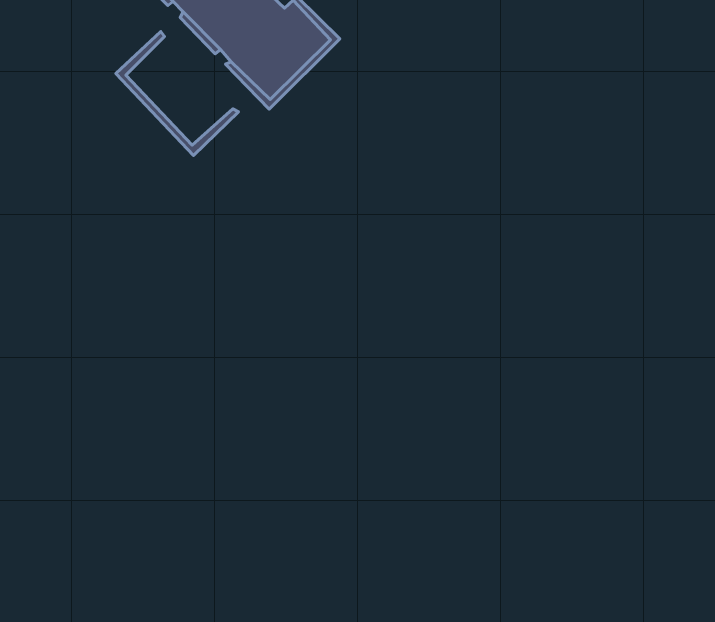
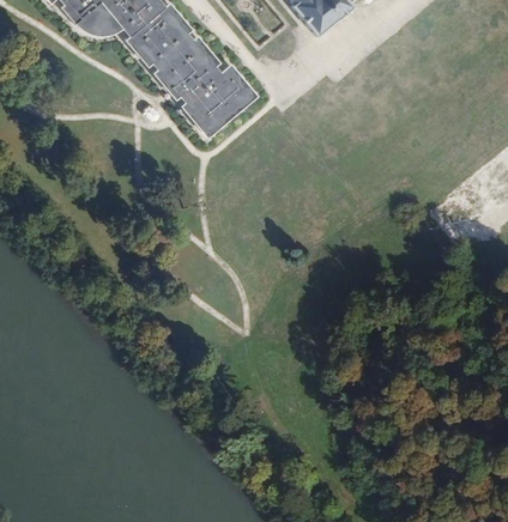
building: [116,32,239,156] -> none

